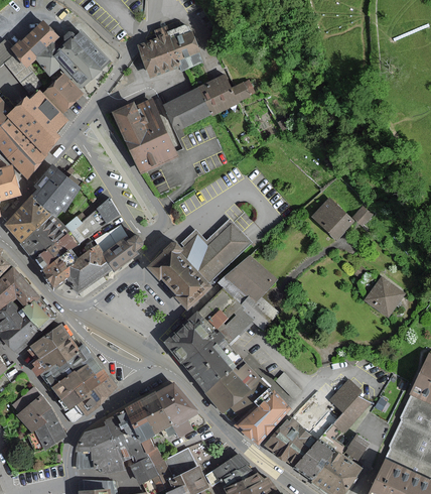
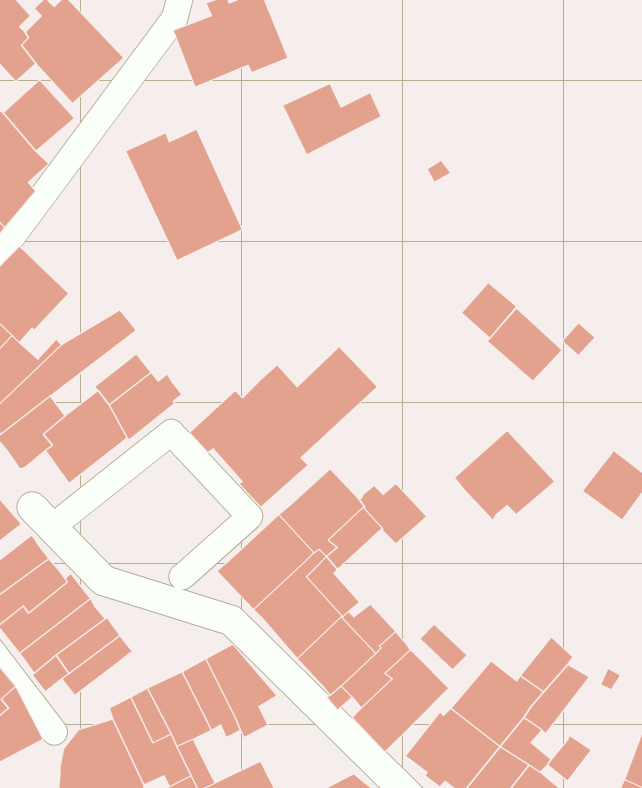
building: [163,87,211,128] -> none
building: none -> [461,282,517,338]
building: [220,255,275,304] -> [454,430,555,520]

